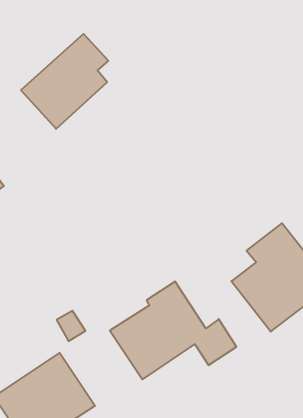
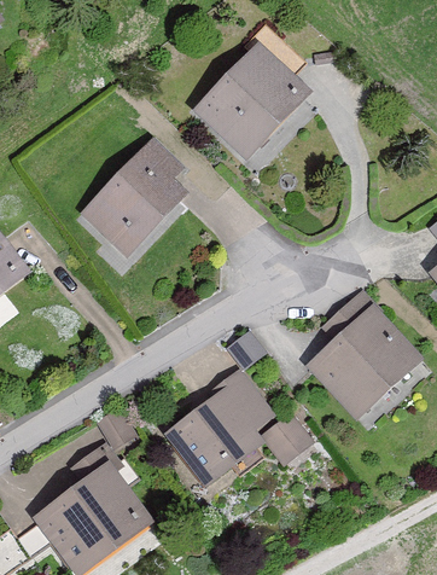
building: none -> [193,41,313,162]
building: [21,34,108,129] -> [82,140,183,255]

